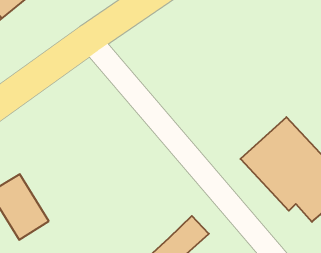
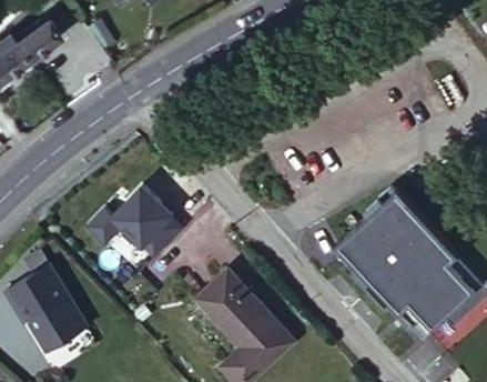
building: none -> [85,187,182,261]
building: none -> [195,272,274,350]

